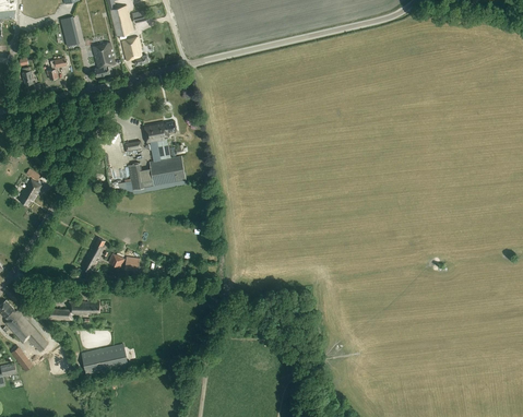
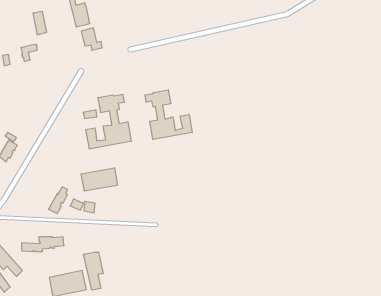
building: [92,41,116,75] -> none
building: none -> [145,90,192,139]
building: none -> [81,168,117,191]
building: none -> [84,252,103,290]

